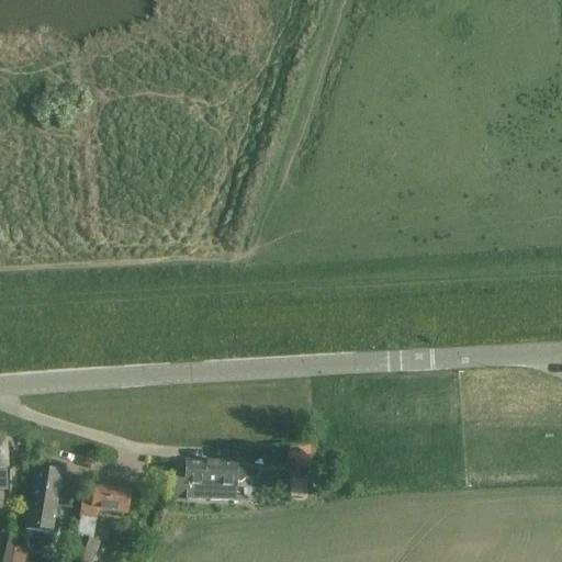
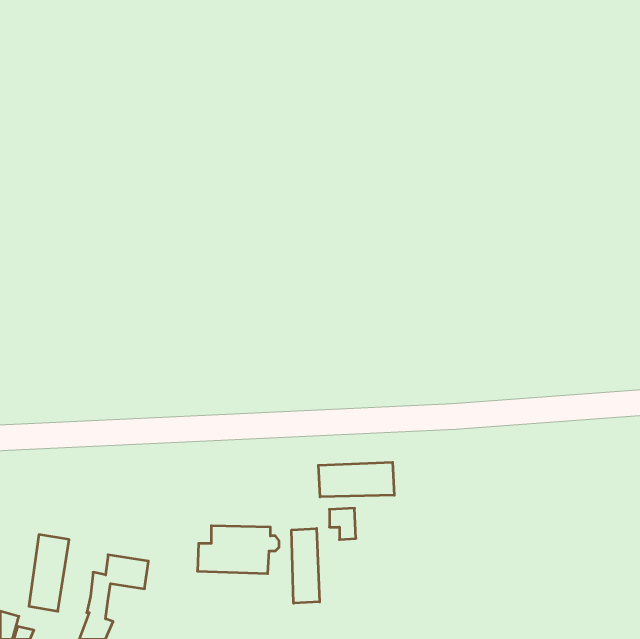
building: none -> [318,462,394,497]
building: none -> [292,528,320,603]

